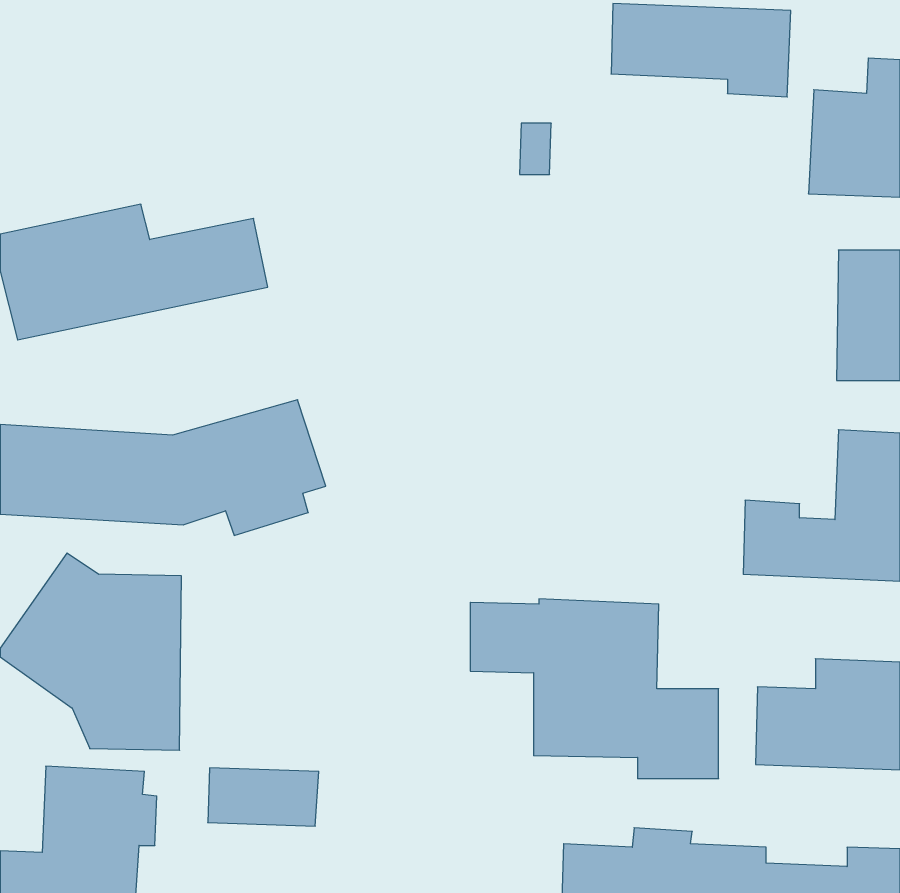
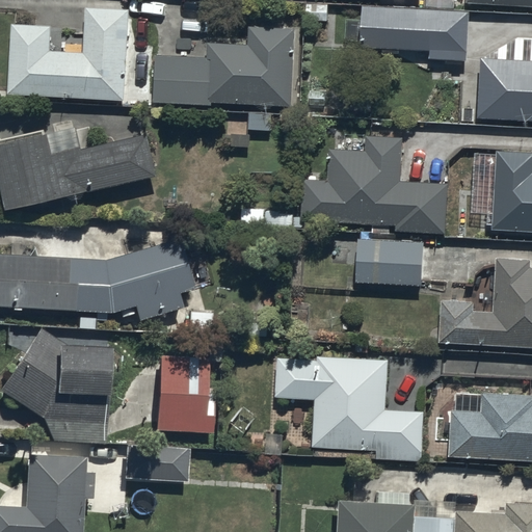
building: none -> [9,8,129,99]
building: none -> [155,29,294,106]
building: none -> [301,137,446,234]
building: none -> [356,239,422,286]
building: none -> [157,357,212,432]

